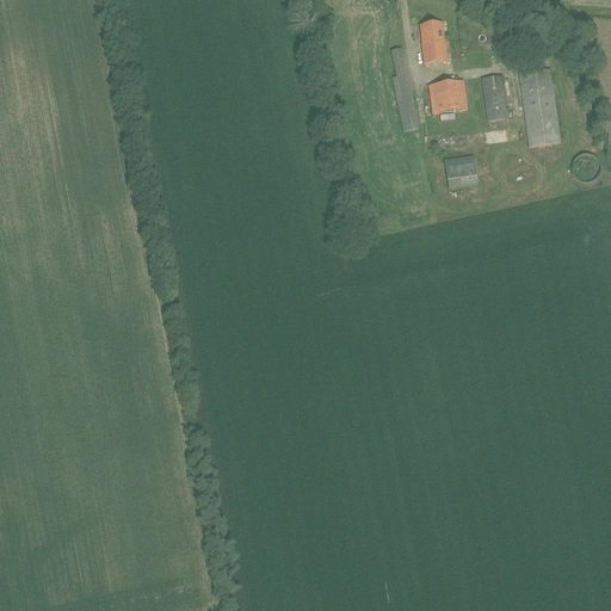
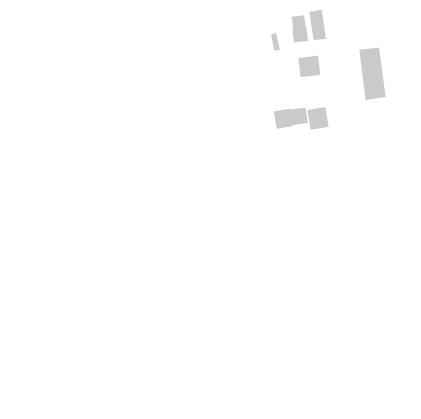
building: [482,74,508,119] -> [309,9,327,41]
building: none -> [273,107,308,129]

